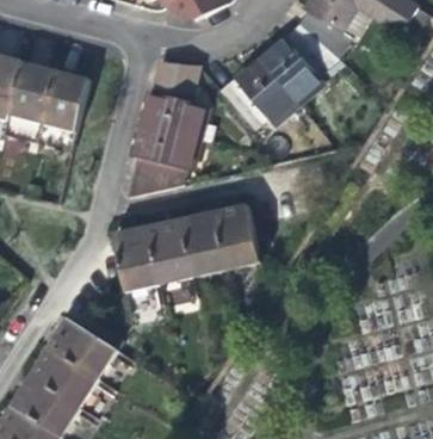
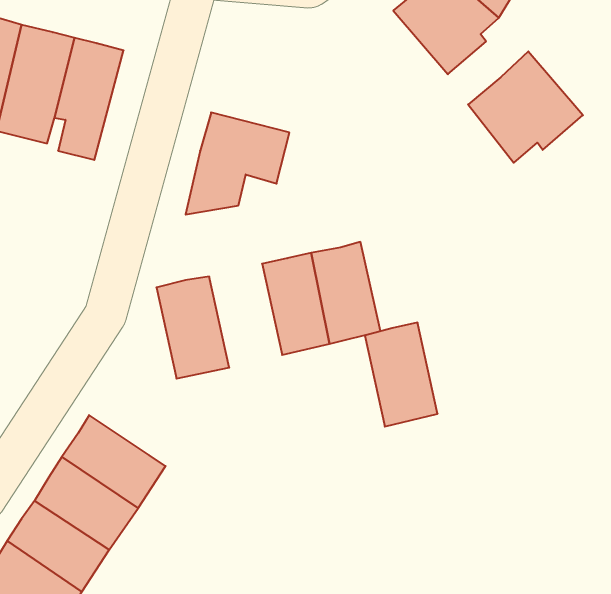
building: [228,51,303,124] -> [468,51,583,163]
building: [148,62,216,135] -> none
building: [147,217,194,285] -> [365,323,438,427]

